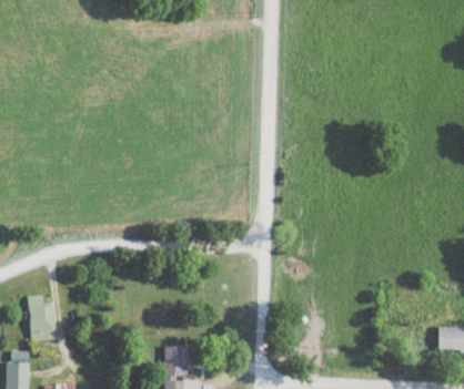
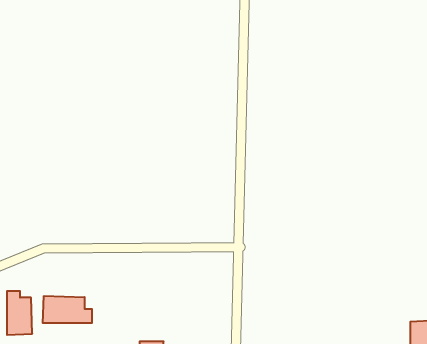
building: none -> [43,296,92,323]

